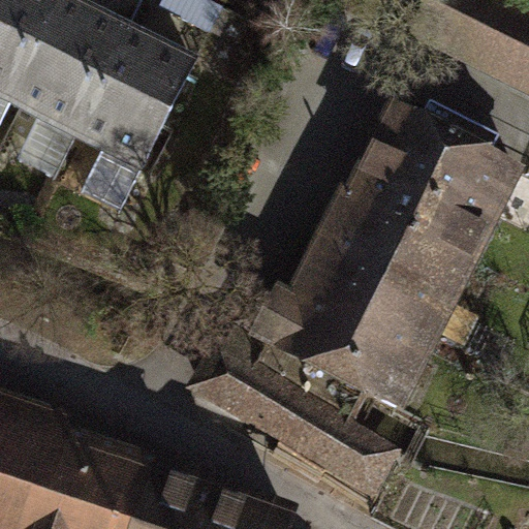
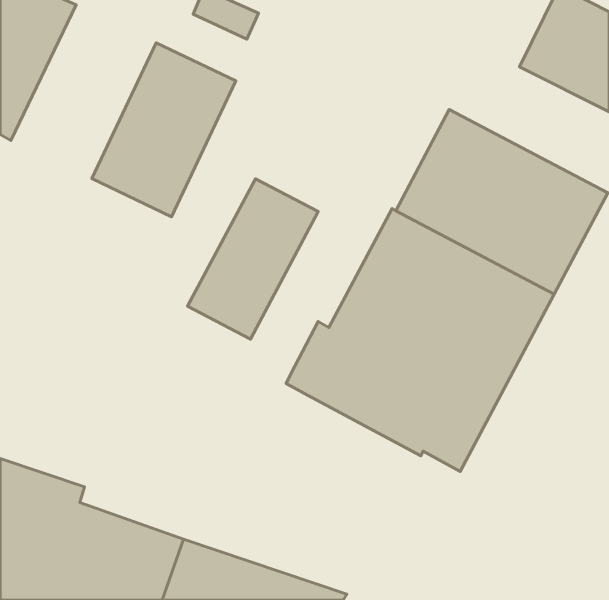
building: [9,4,135,155] -> none
building: none -> [188,179,318,339]
building: [184,337,403,495] -> none

